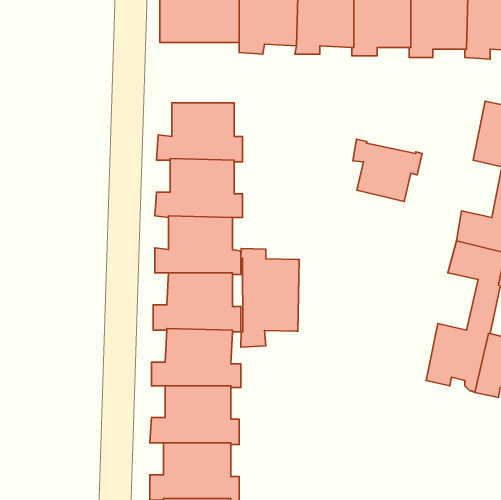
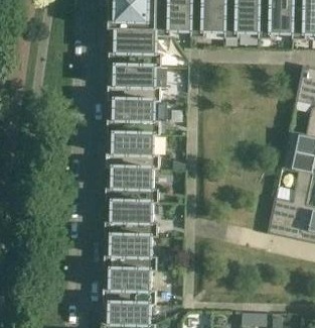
building: none -> [109,28,162,66]
building: [353,139,422,202] -> none
building: [241,249,299,347] -> none

